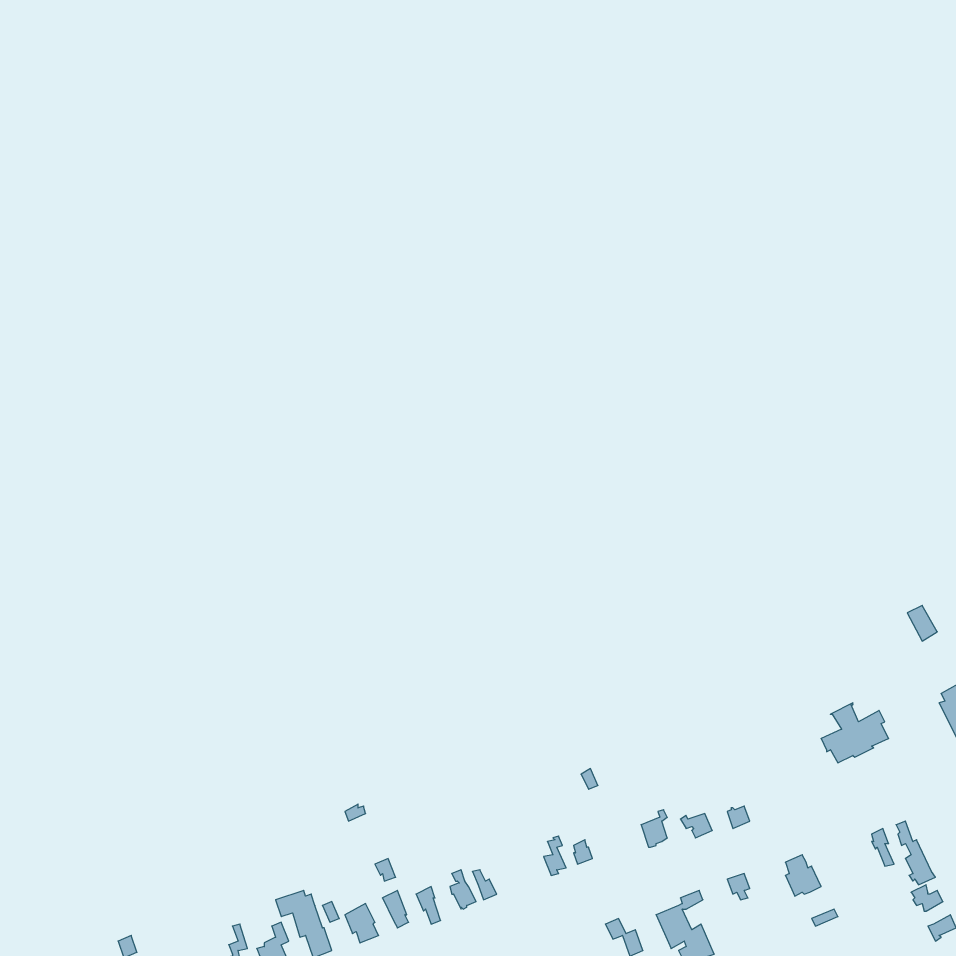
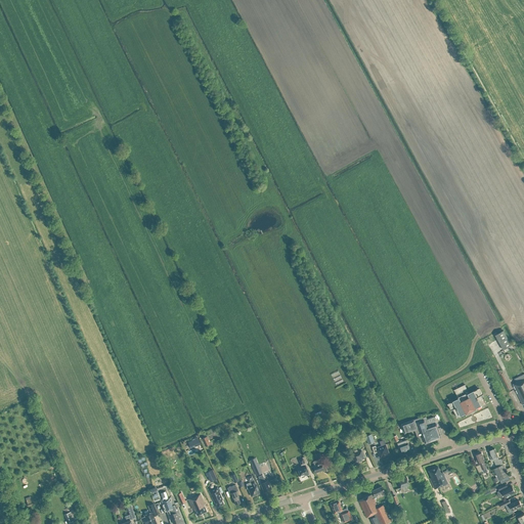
building: none -> [402,418,443,444]

